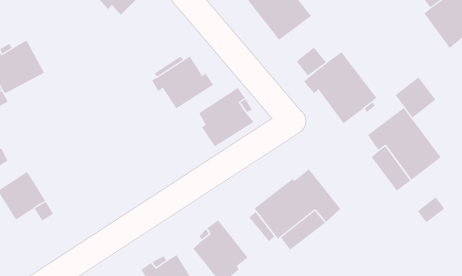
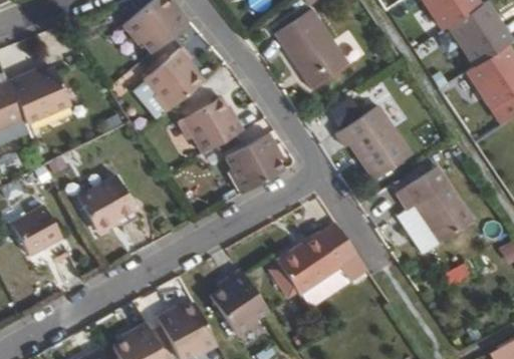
building: none -> [146,49,203,112]
building: [395,77,436,118] -> none
building: none -> [76,175,134,229]

